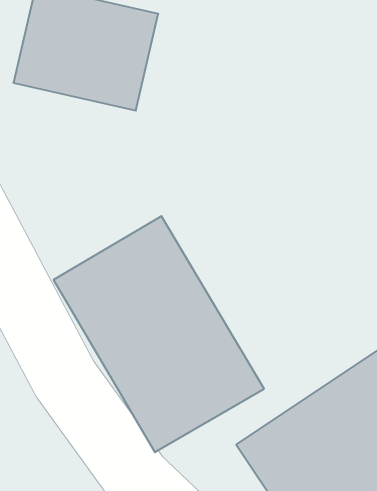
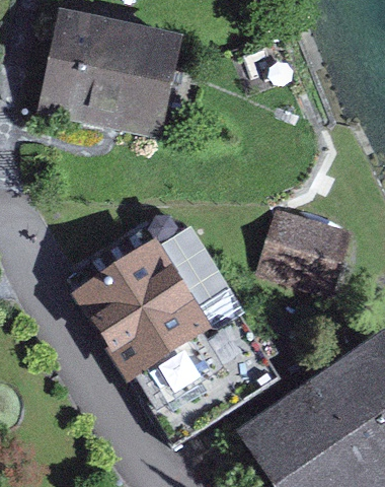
building: none -> [262,217,342,281]

